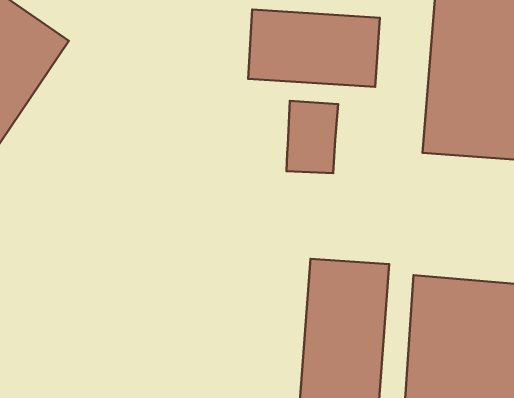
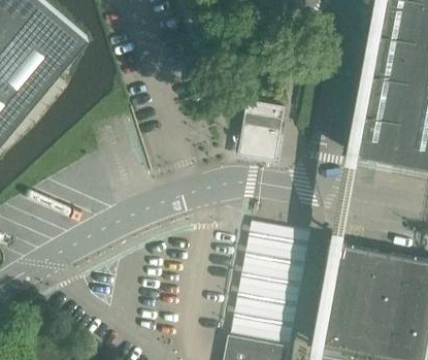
building: [248,9,380,87] -> none

